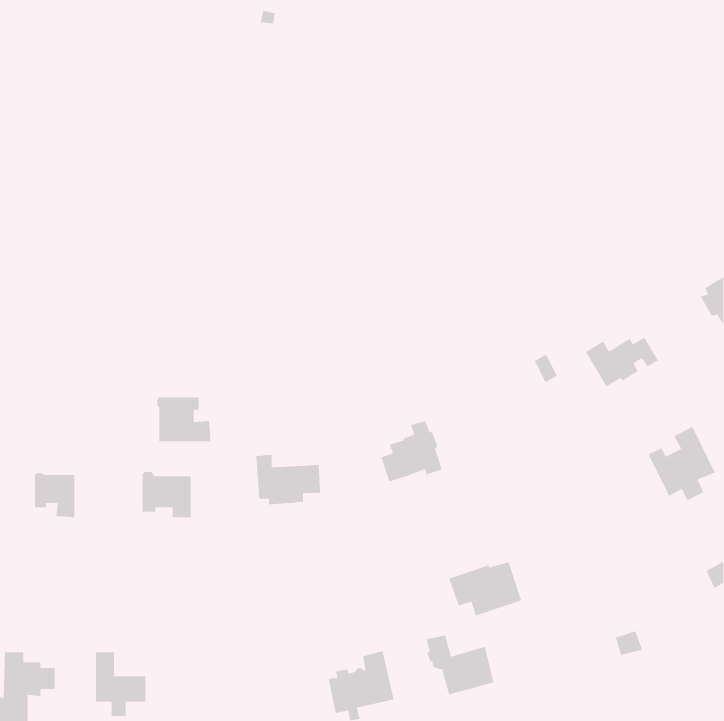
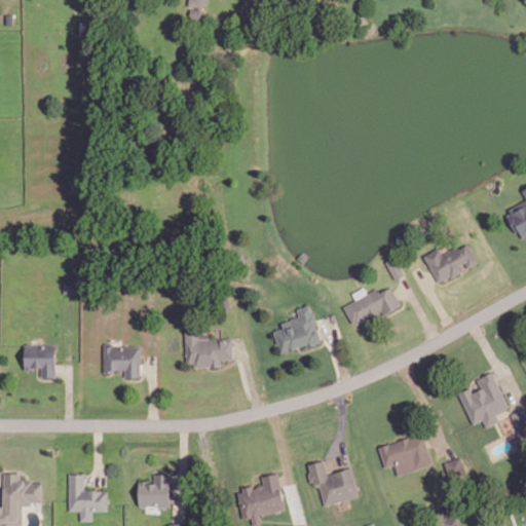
building: none -> [343,289,400,326]
building: [157,396,212,442] -> none
building: [648,426,716,501] -> [458,374,508,428]
building: [448,561,522,617] -> [378,437,431,477]
building: none -> [139,475,170,508]

